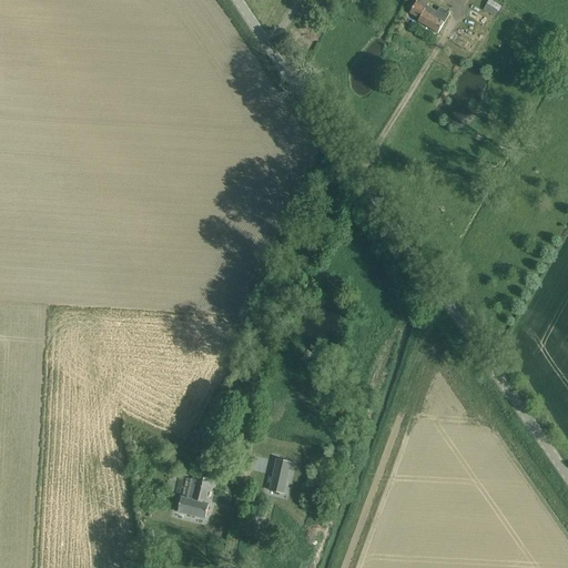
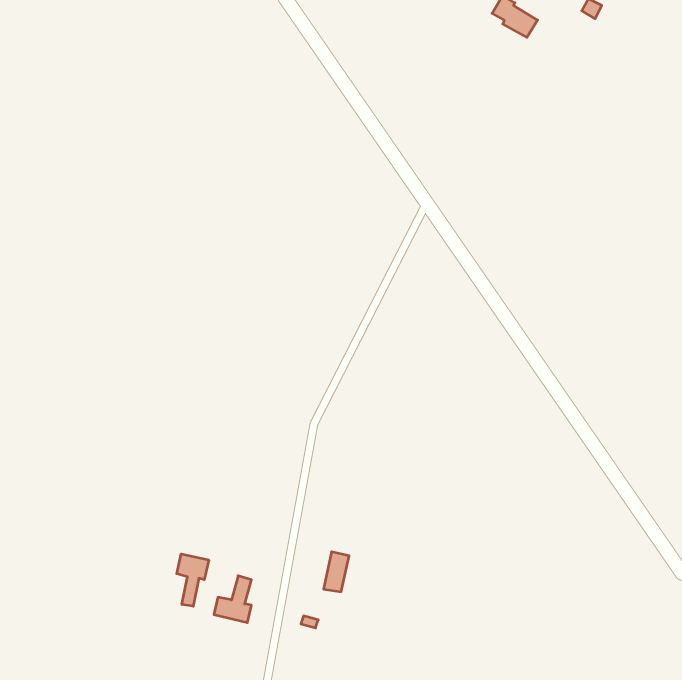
building: none -> [177,554,209,606]

